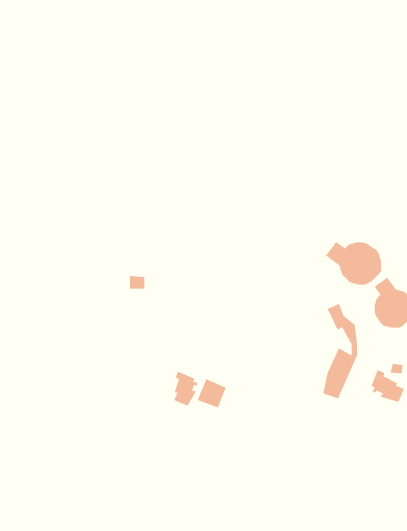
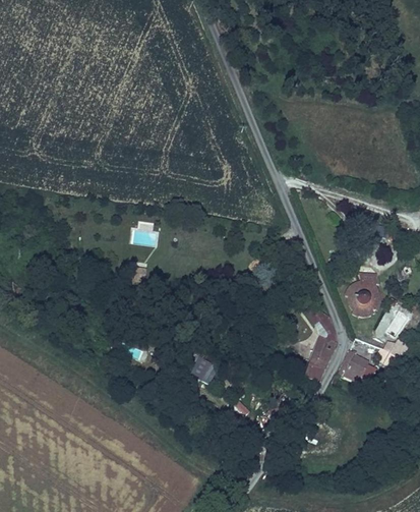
building: [325,241,382,285] -> none
building: [174,371,198,406] -> none

